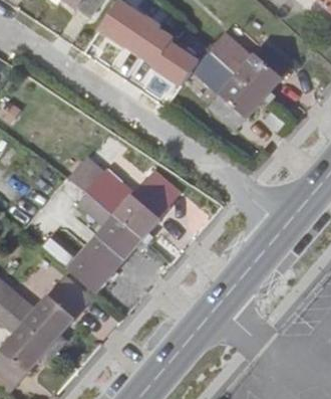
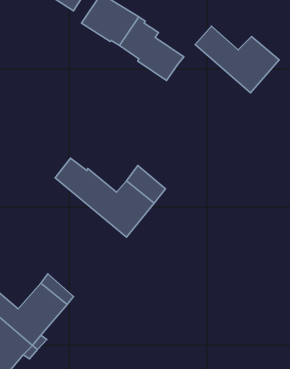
building: [192,50,264,130] -> none
building: [58,177,142,292] -> none

